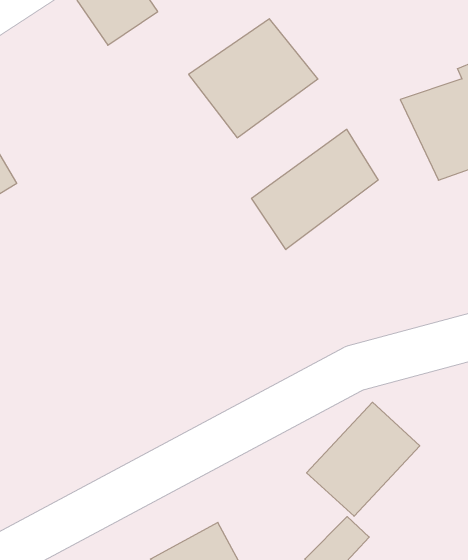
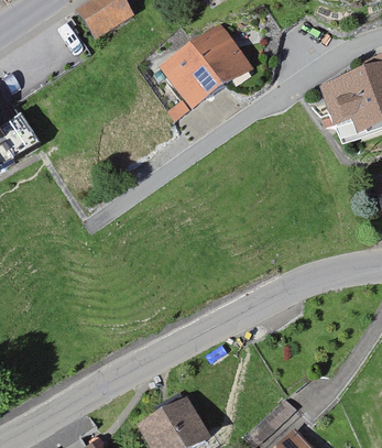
building: [252,129,378,250] -> none
building: [307,402,420,516] -> none

